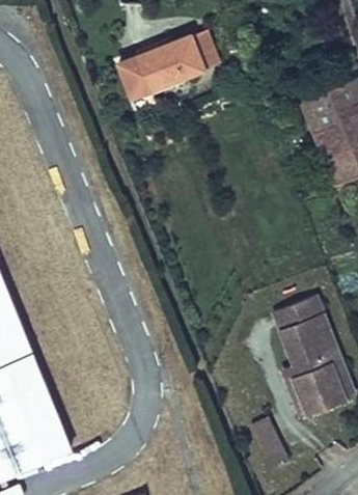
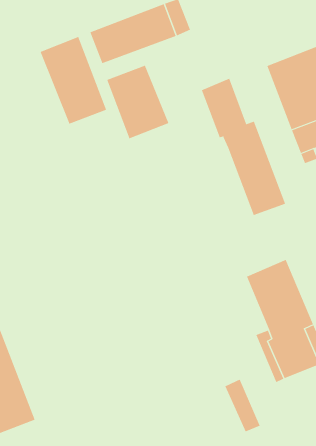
building: none -> [40,36,107,125]
building: none -> [107,65,169,139]
building: none -> [201,78,286,216]

